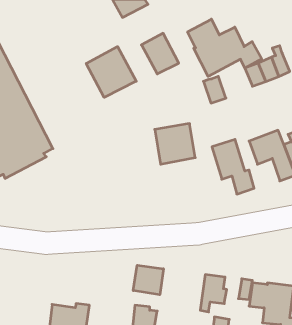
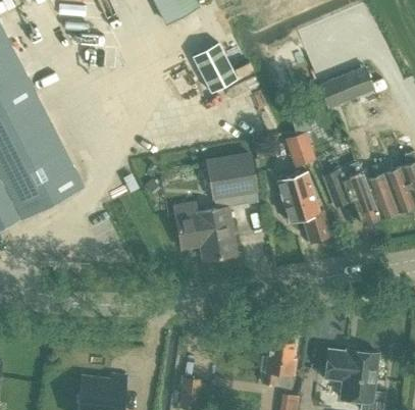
building: [188,19,262,76] -> none
building: [86,47,136,97] -> none
building: [203,76,226,103] -> [287,134,314,166]
building: none -> [175,207,237,260]
building: [133,265,163,295] -> none

